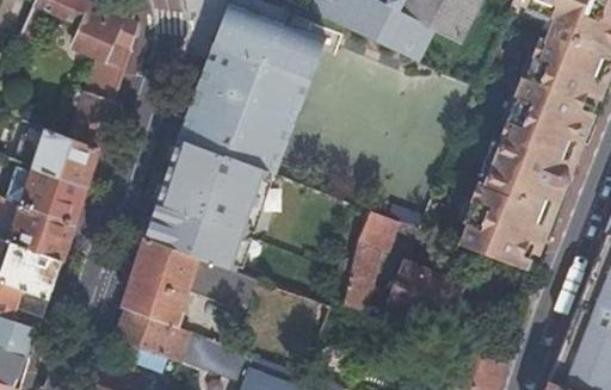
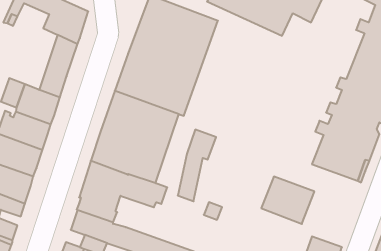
building: [345,210,400,312] -> [178,130,216,201]

